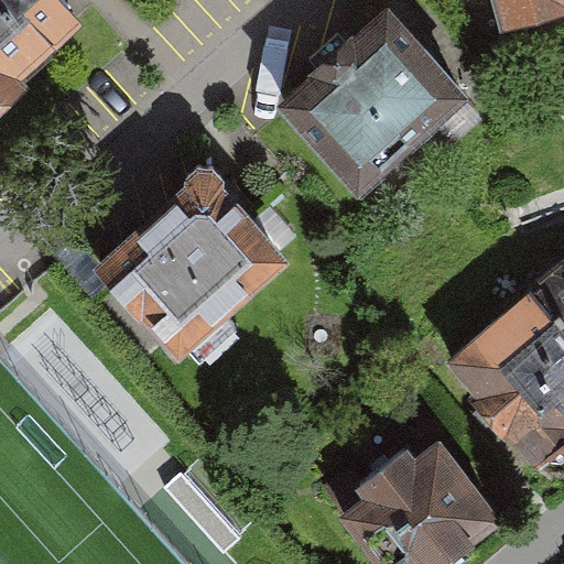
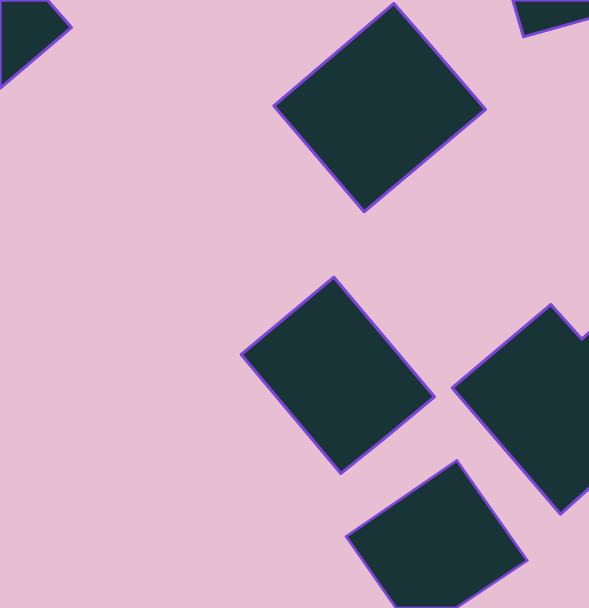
building: [82,165,286,366] -> none
building: none -> [241,277,434,474]

